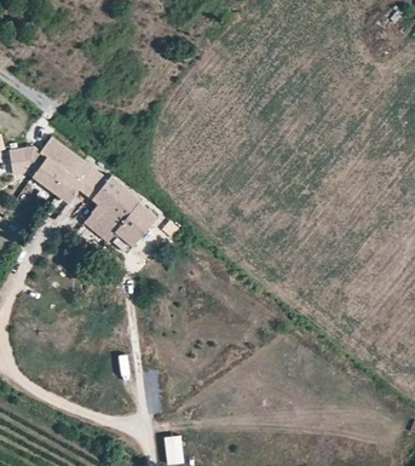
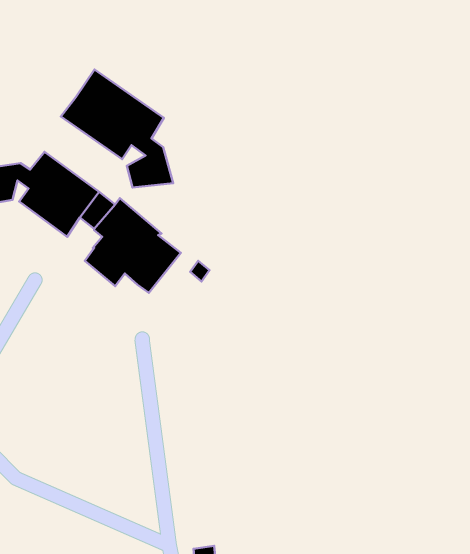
building: none -> [61,69,173,188]

